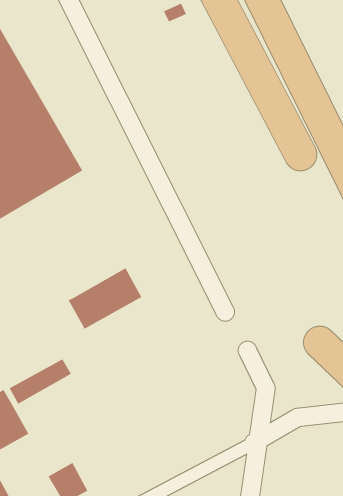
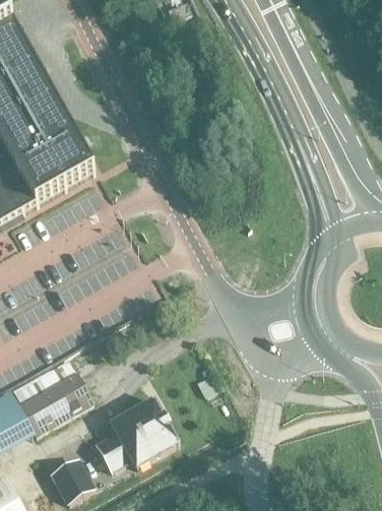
building: [68,268,142,330] -> [21,375,96,437]
building: none -> [89,398,172,468]

